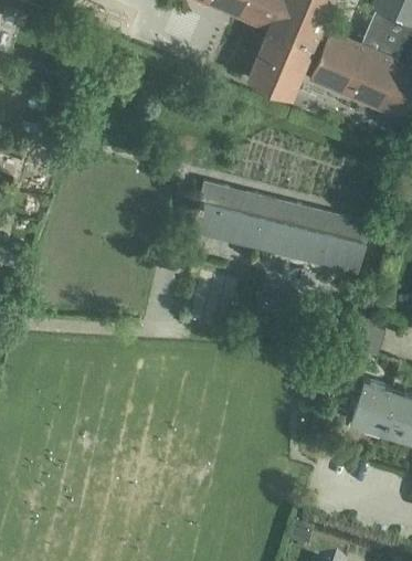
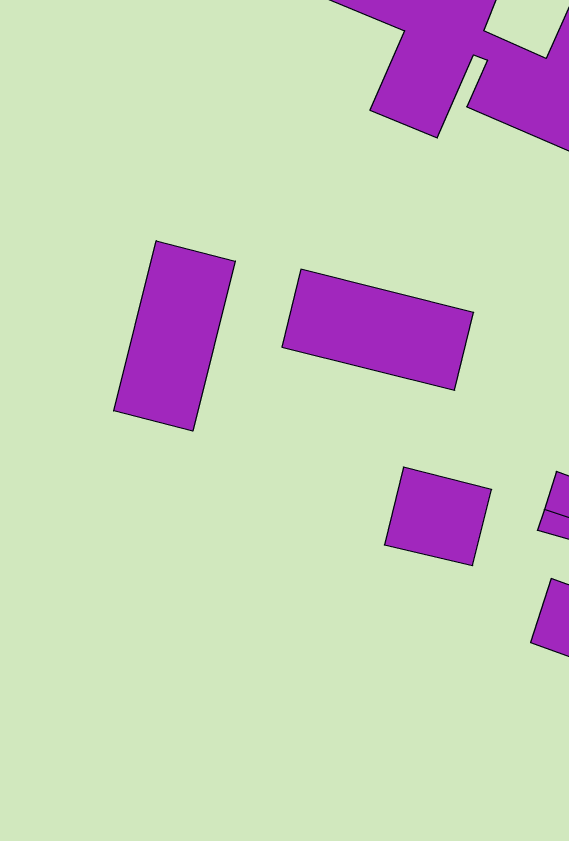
building: none -> [114,241,235,431]
building: [302,210,370,273] -> [384,467,492,566]

